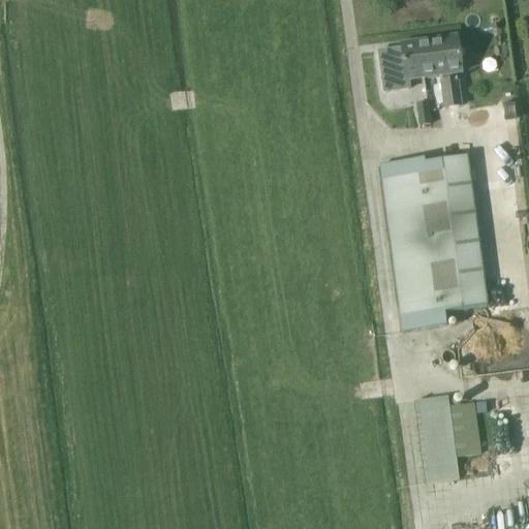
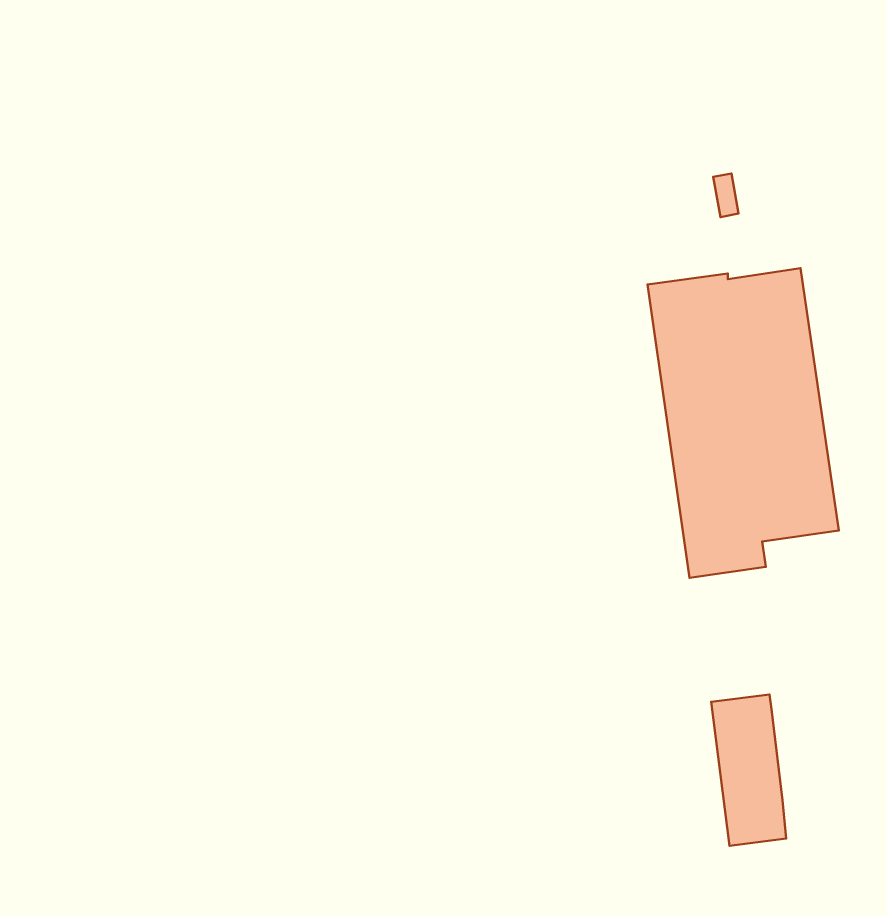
building: [378,34,462,105] -> none
building: [449,402,481,456] -> none

